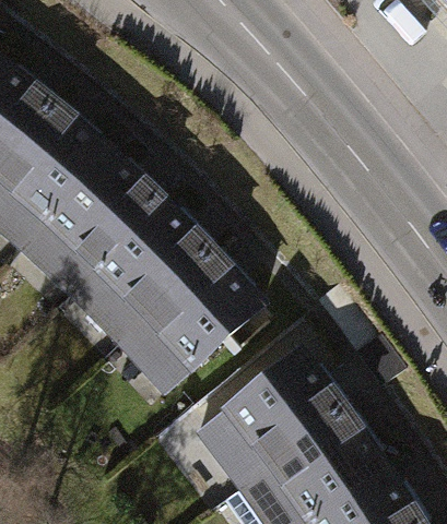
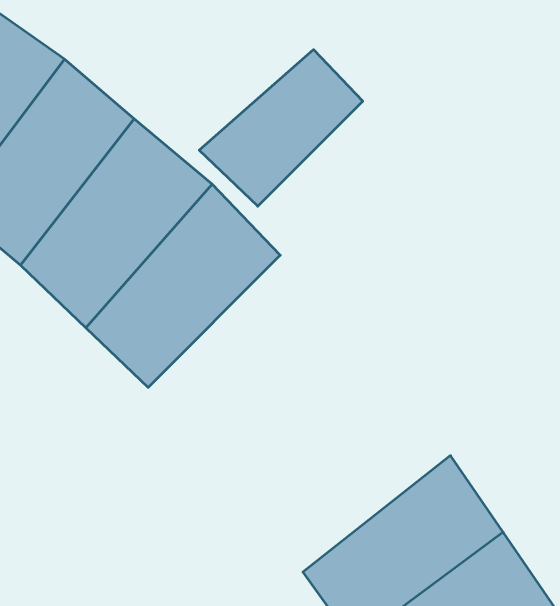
building: none -> [199,50,363,206]
building: [116,242,268,395] -> none
building: [191,341,349,486] -> none

